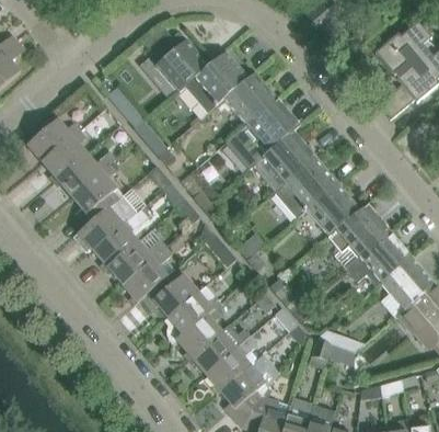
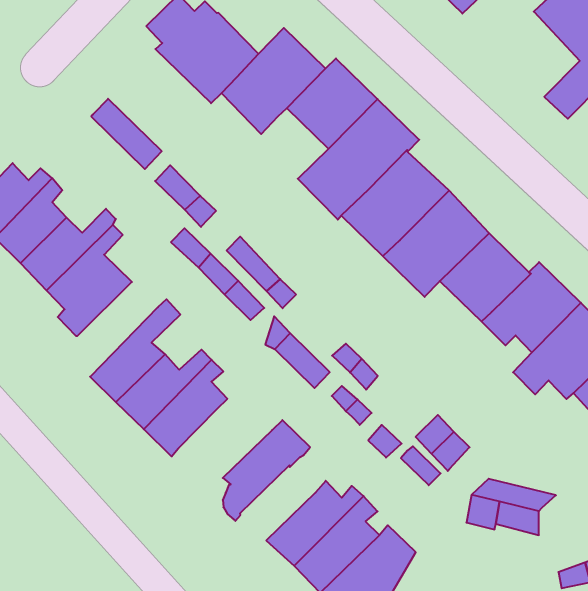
building: [78,196,137,252] -> none
building: [142,274,199,318] -> none
building: [176,308,223,357] -> none

